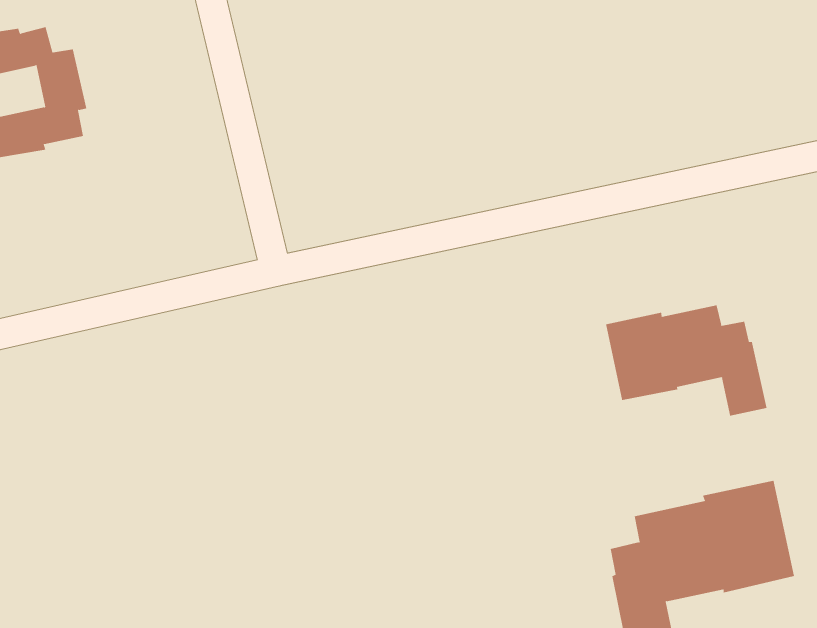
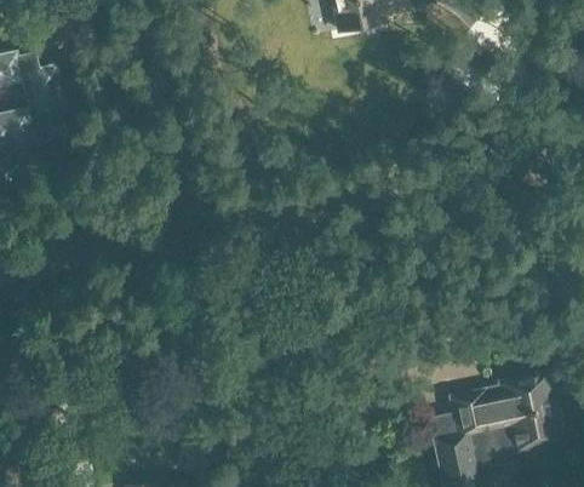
building: [605,305,767,416] -> none

